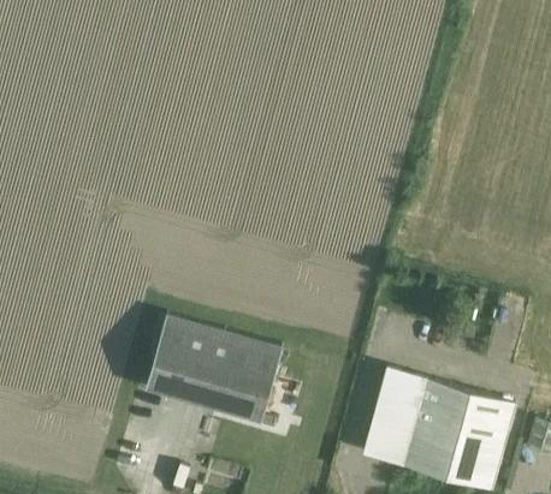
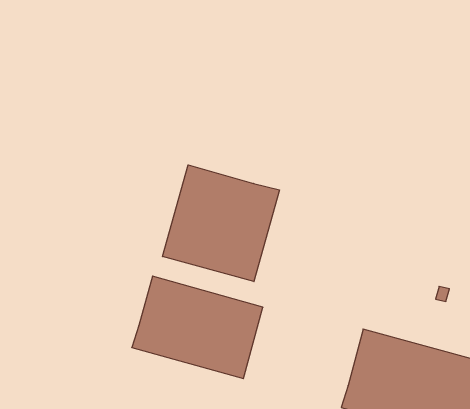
building: none -> [163,165,279,282]

